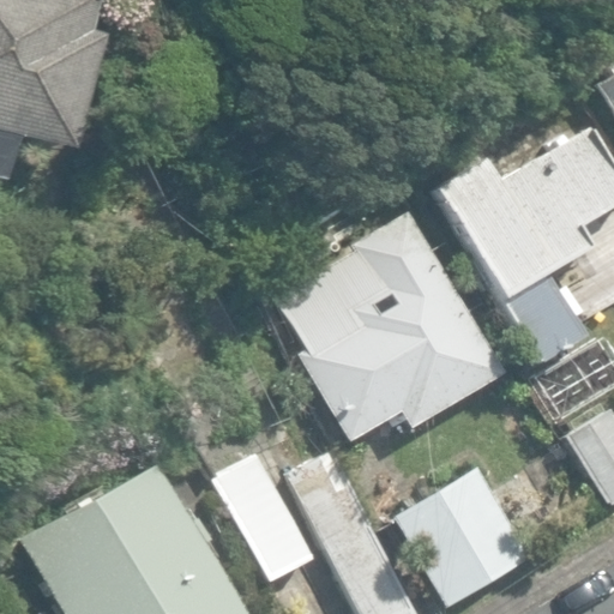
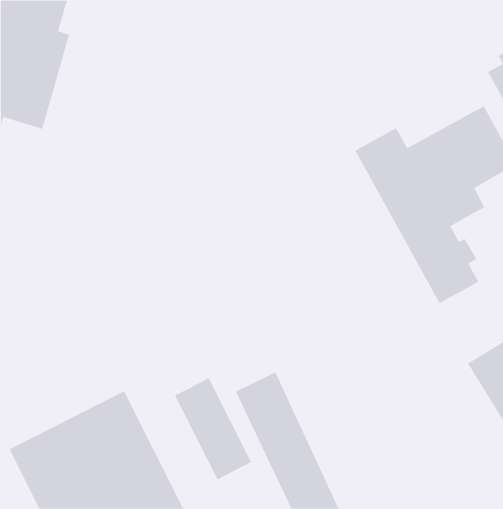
building: [276,211,504,443] -> none
building: [395,466,531,607] -> none

